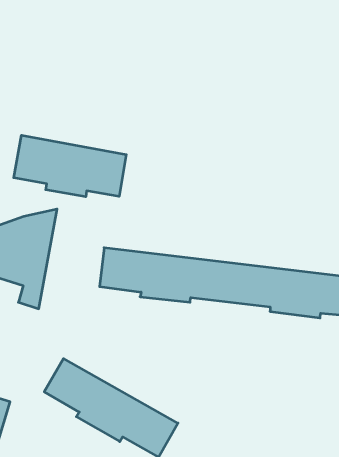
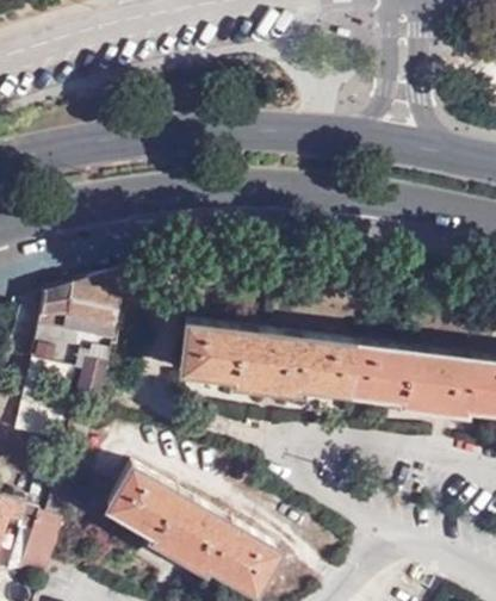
building: [14,135,126,197] -> none

